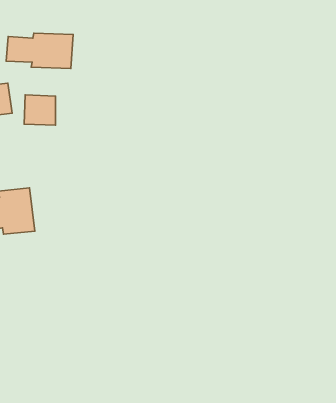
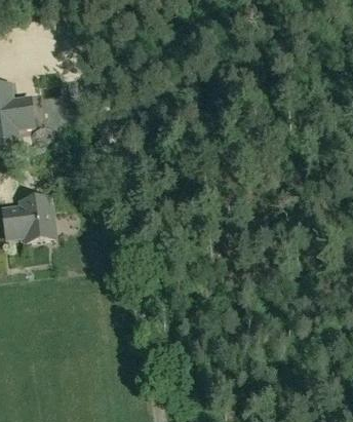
building: [6,33,73,69] -> none

